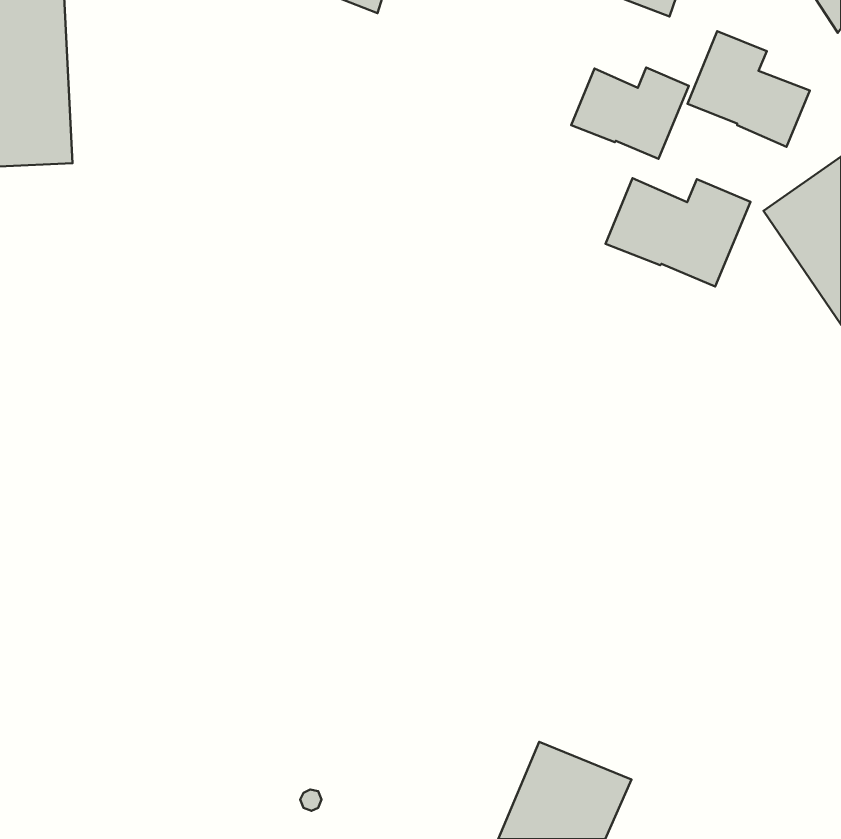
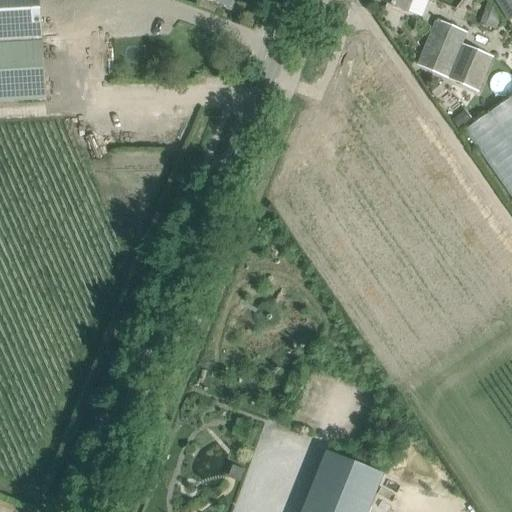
building: [571,68,689,159] -> none
building: [605,178,750,287] -> none

